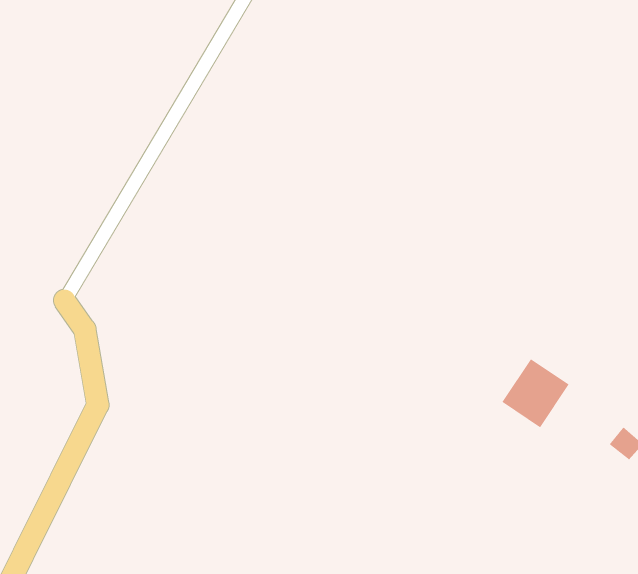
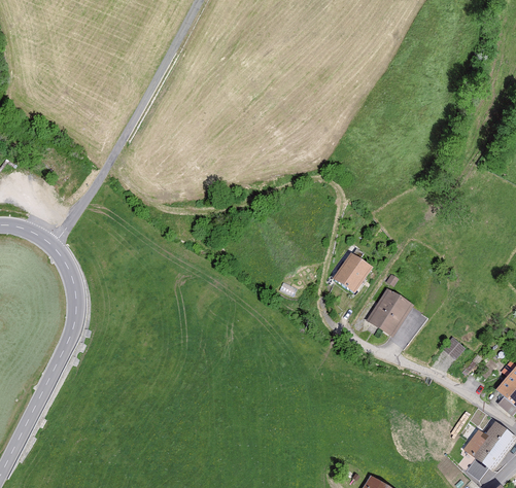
building: none -> [333,252,374,293]

